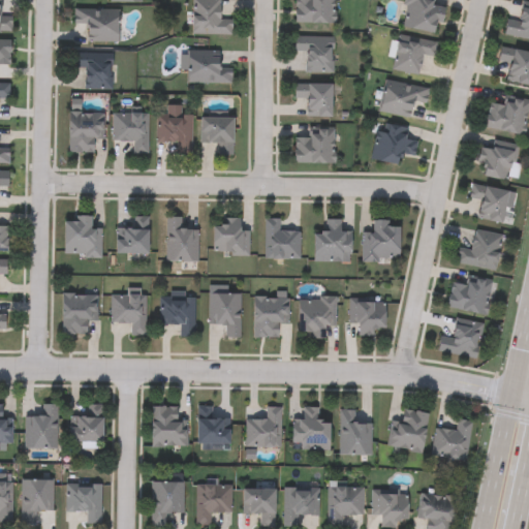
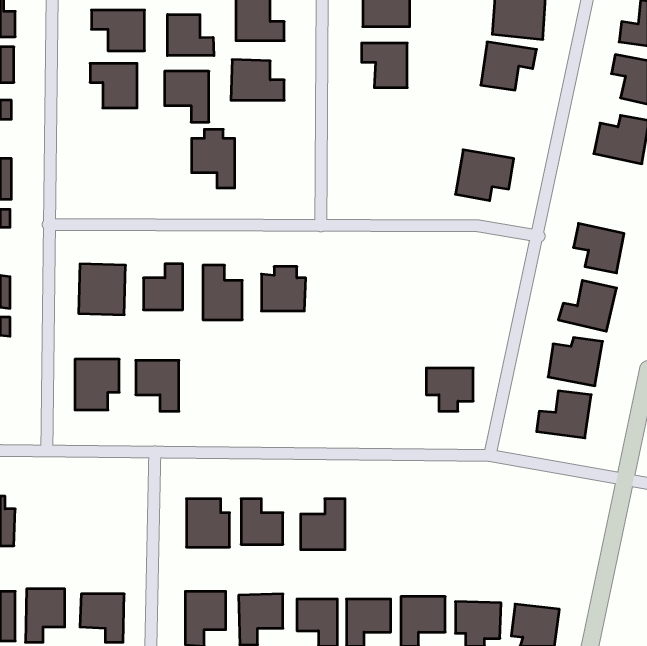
building: none -> [167,14,214,56]
building: [380,80,429,116] -> none
building: [294,83,333,115] -> none
building: [70,112,104,151] -> none
building: [113,112,149,153] -> [165,71,209,122]
building: [201,116,235,153] -> none
building: [294,126,334,162] -> none
building: [478,137,517,179] -> none
building: [264,217,300,256] -> none
building: [314,218,352,260] -> none
building: [362,219,400,260] -> none
building: [209,292,241,337] -> none
building: [160,293,195,336] -> none
building: [253,295,289,336] -> none
building: [300,297,337,336] -> none
building: [26,404,58,447] -> none
building: [70,404,104,442] -> none
building: [292,406,331,449] -> none
building: [387,408,430,452] -> none
building: [339,409,372,454] -> none
building: [431,418,472,460] -> none

